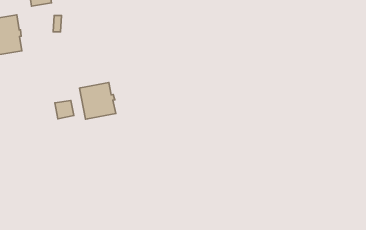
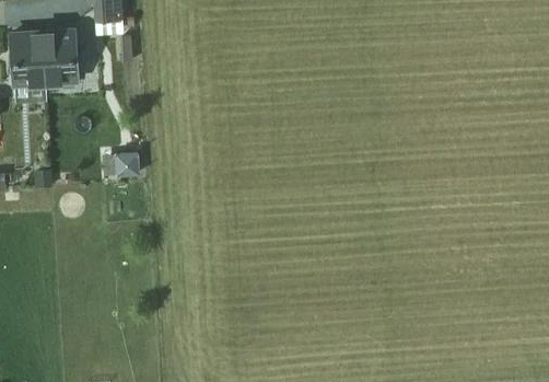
building: [80,83,116,119] -> none

